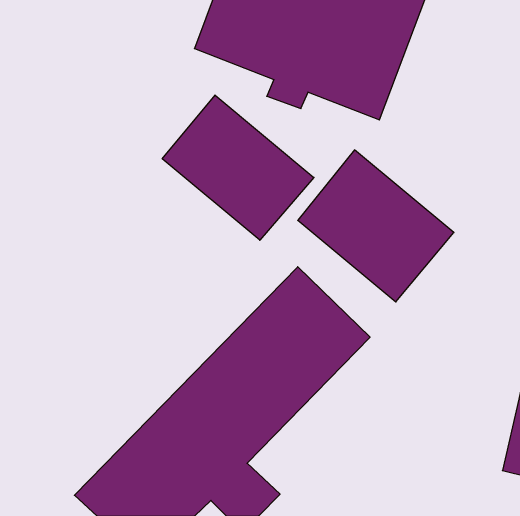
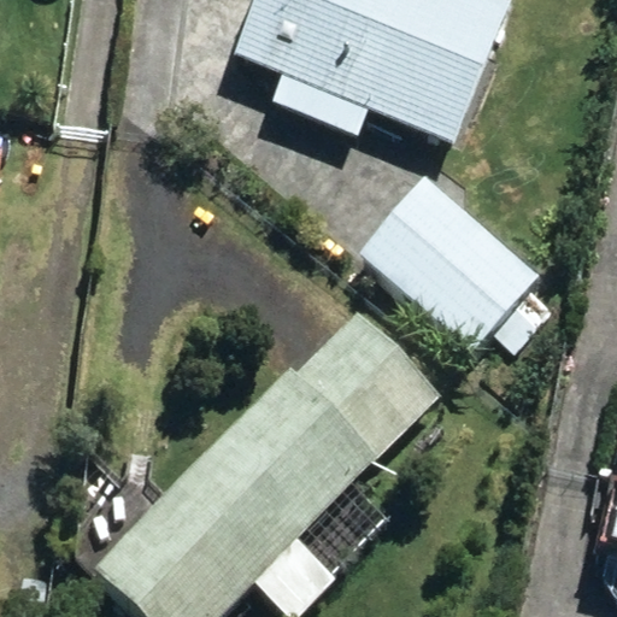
building: [162,95,314,240] -> none

